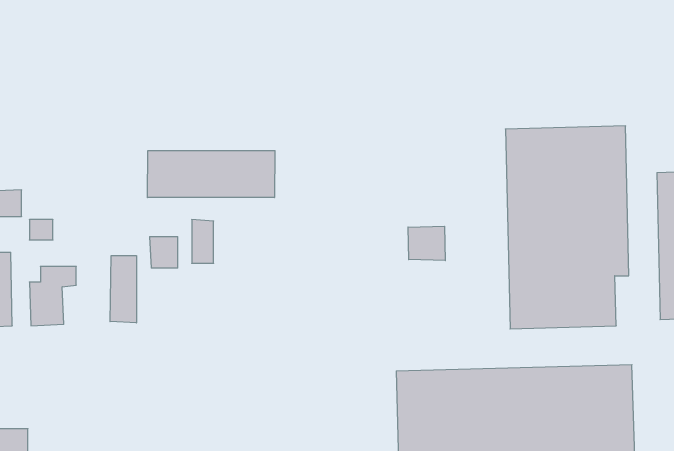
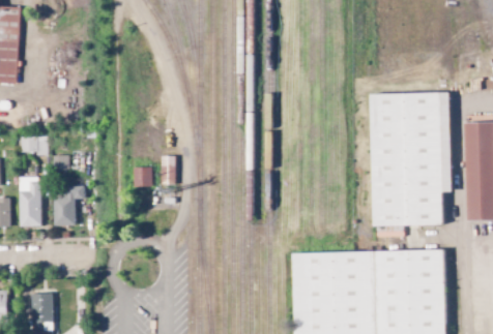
building: [147,151,275,198] -> none
building: [408,226,445,261] -> none
building: [110,256,136,323] -> none

